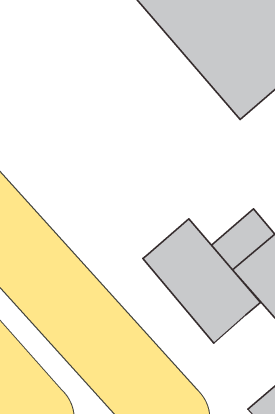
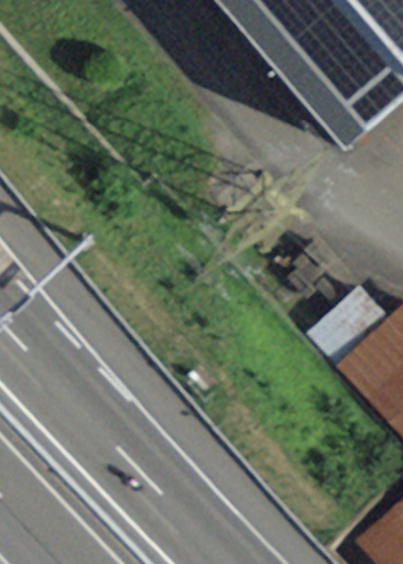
building: [143,219,260,343] -> none

